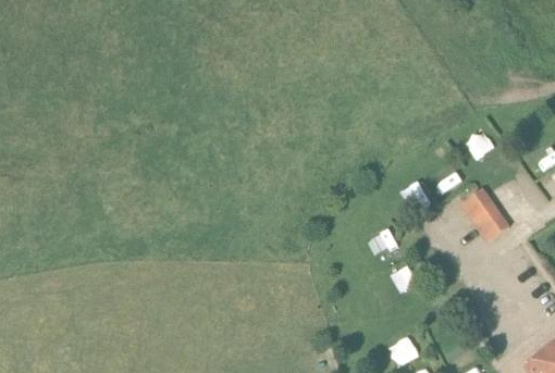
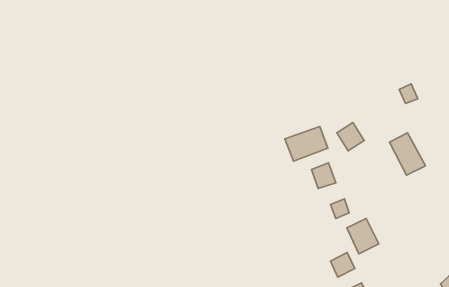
building: none -> [285,127,328,161]
building: none -> [347,219,379,254]

